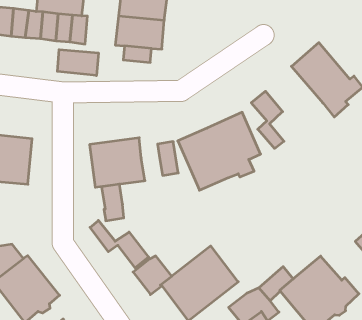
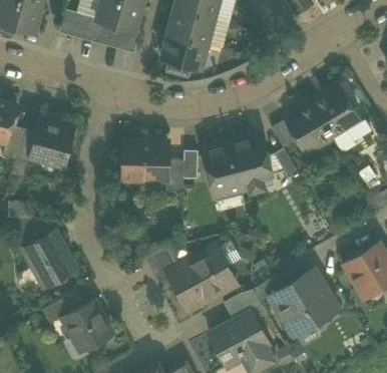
building: [57,50,98,76] -> none
building: none -> [285,102,334,155]
building: [101,184,124,221] -> [167,161,184,192]
building: [90,220,149,268] -> none

